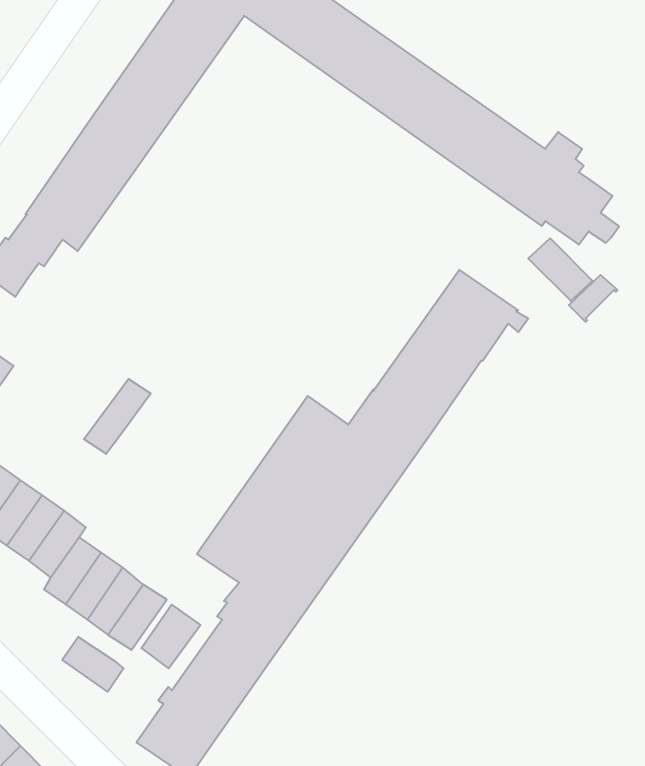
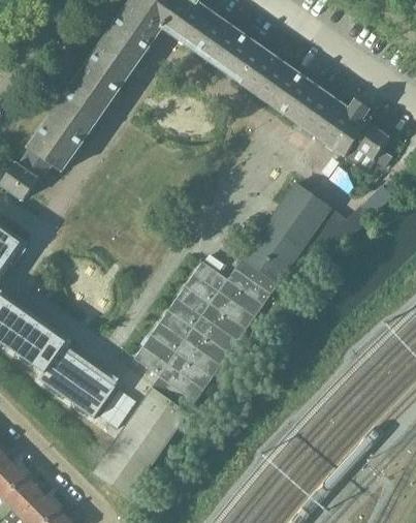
building: [528,238,593,301] -> none
building: [84,379,151,454] -> none
building: [62,637,124,692] -> none

